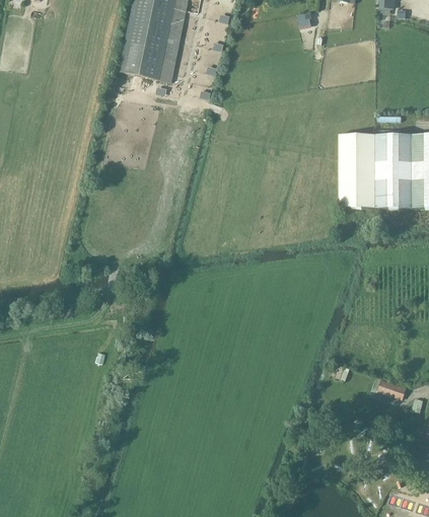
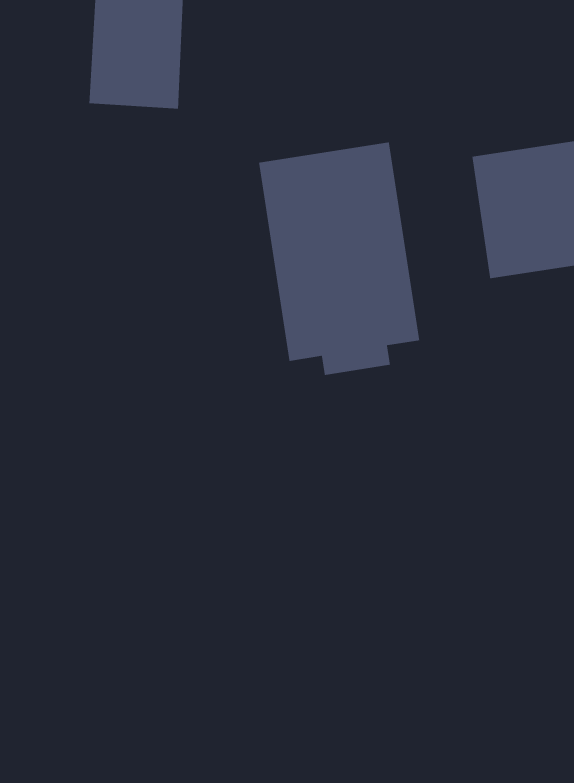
building: none -> [258,141,420,376]

